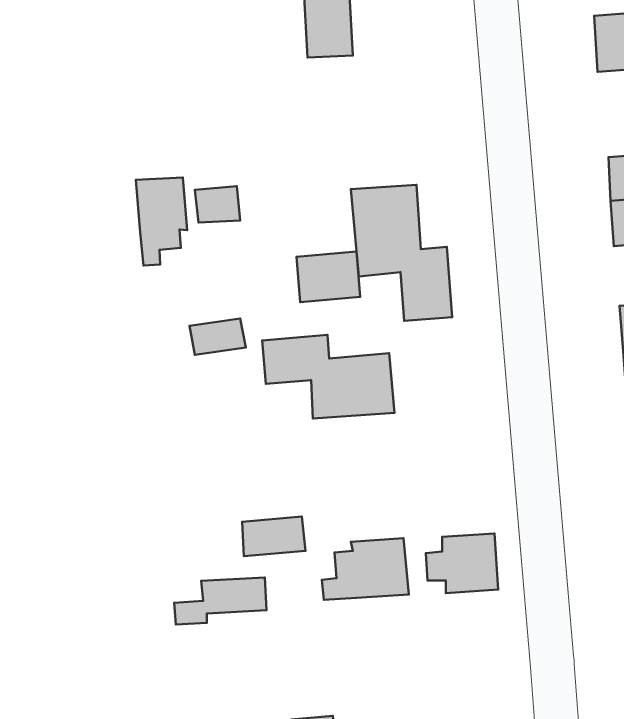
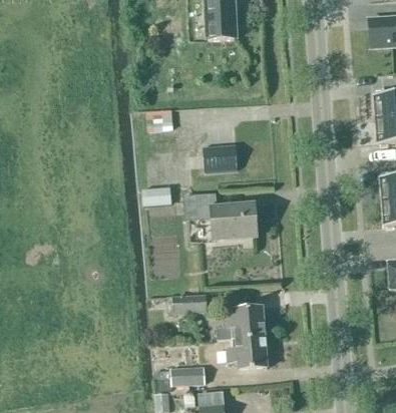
building: [136,177,187,265] -> none
building: [351,185,452,321] -> none
building: [426,533,498,593] -> [227,336,267,369]
building: [174,577,267,625] -> [154,366,206,392]

